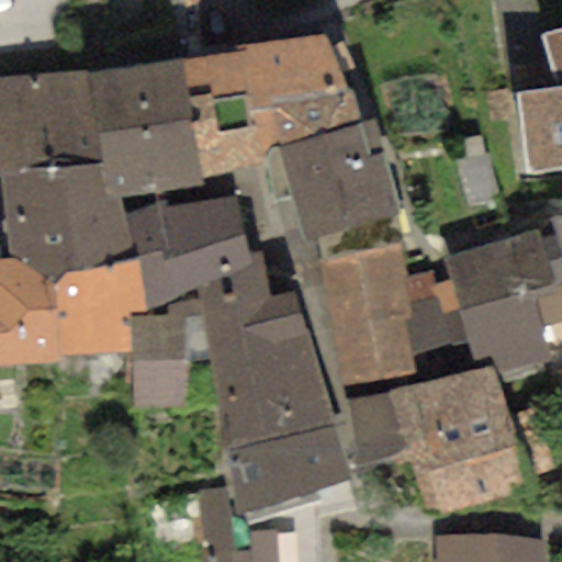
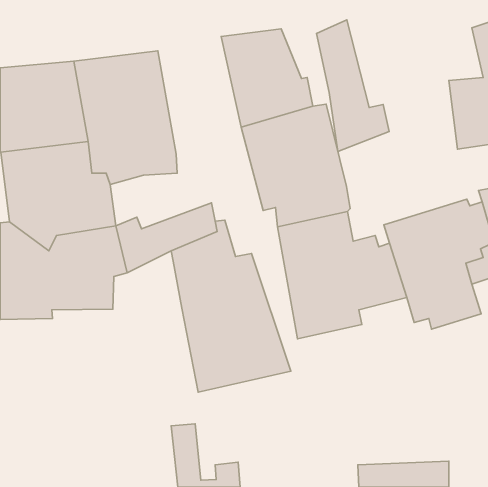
building: none -> [316,20,389,152]
building: [182,42,278,177] -> none
building: [127,196,244,262] -> none
building: [131,300,210,407] -> none
building: [347,366,531,515] -> none
building: [228,426,349,513] -> none

